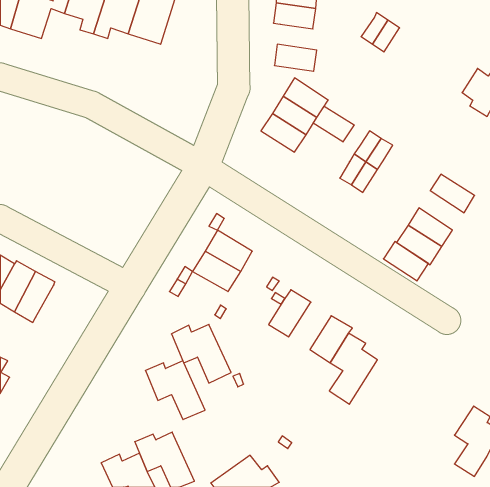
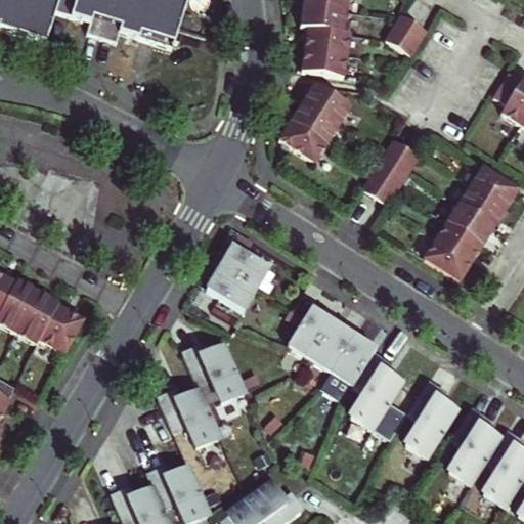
building: none -> [297,26,342,53]
building: [313,106,354,142] -> none
building: none -> [471,166,519,208]
building: [383,241,429,281] -> [447,203,495,245]
building: none -> [40,303,85,352]
building: none -> [309,321,354,372]
building: none -> [407,382,458,457]
building: none -> [450,409,501,485]

